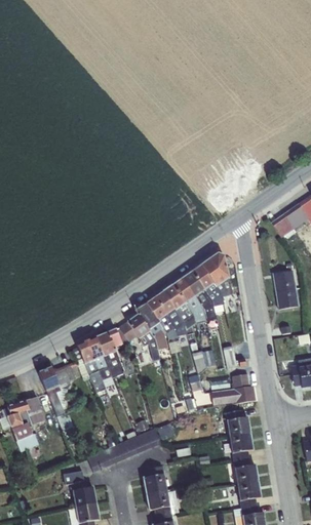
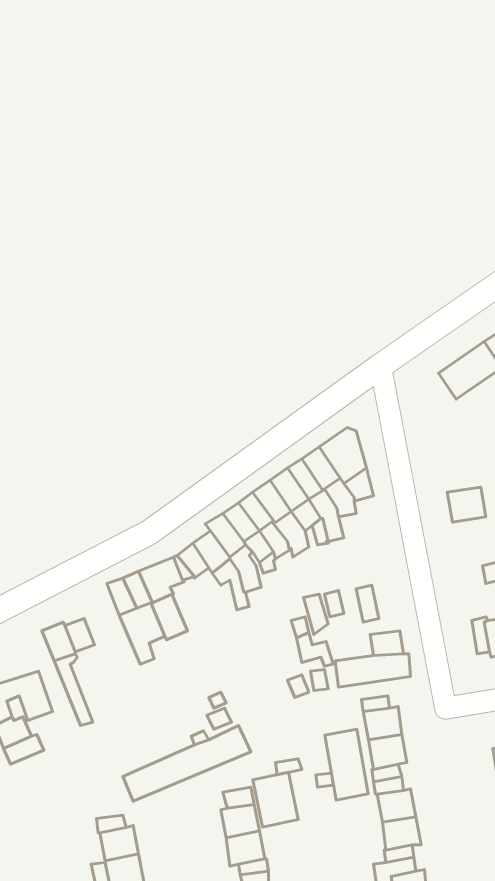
building: [273,270,296,291] -> none
building: none -> [325,729,368,800]
building: none -> [253,772,298,827]

